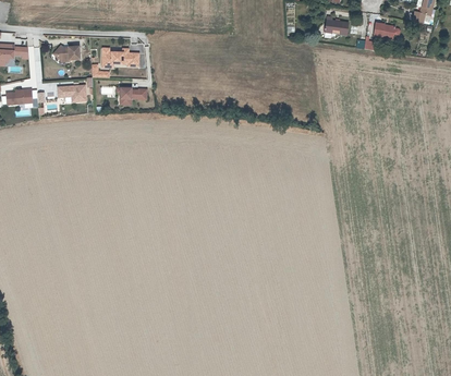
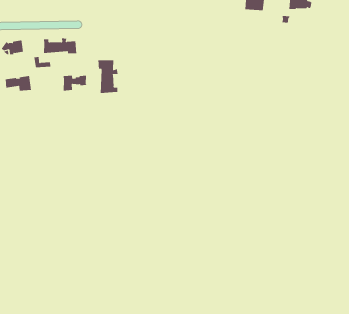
building: none -> [98,60,118,94]

